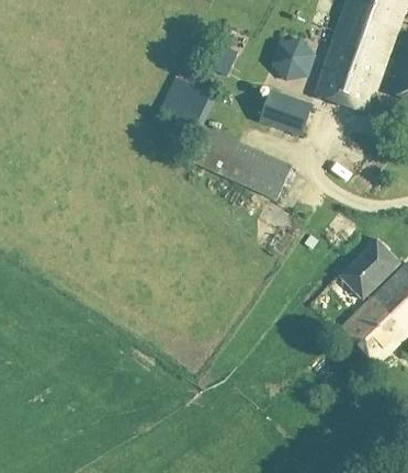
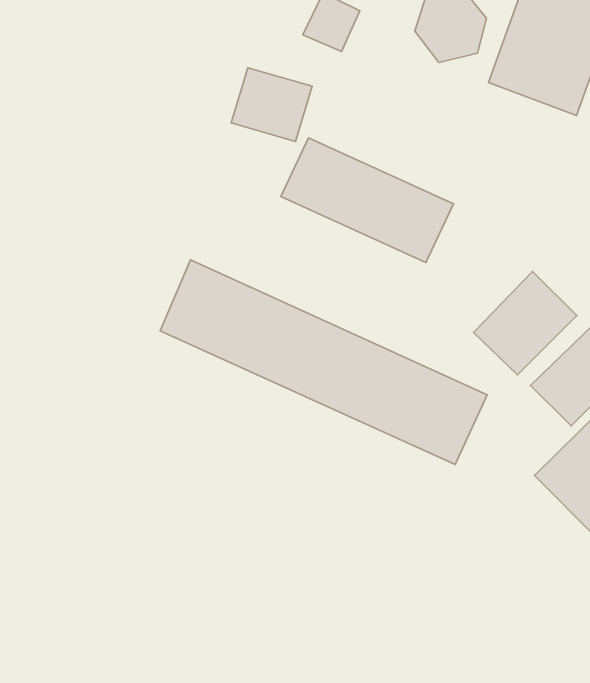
building: [258,91,311,138] -> none
building: none -> [160,260,487,464]
building: none -> [473,271,577,375]

